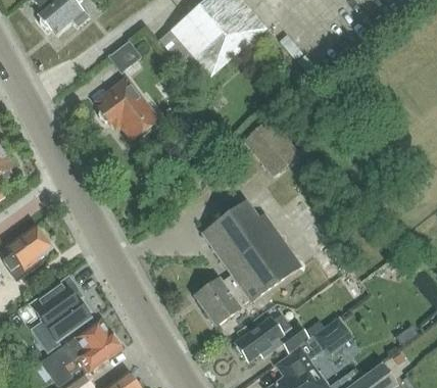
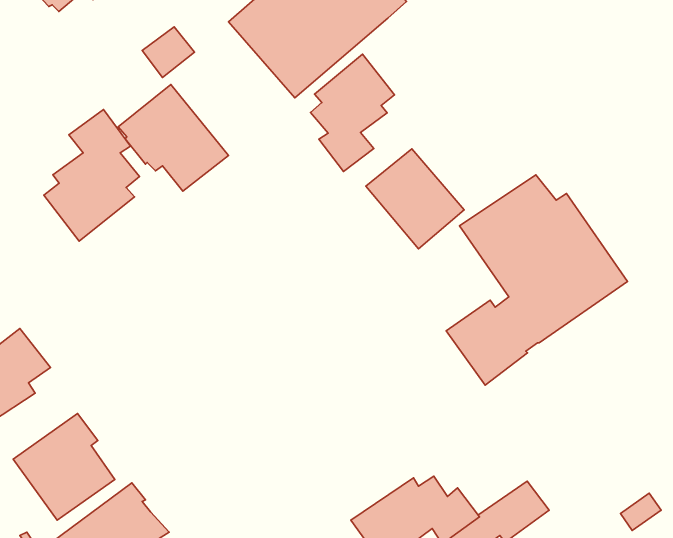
building: none -> [310,54,395,171]
building: none -> [44,109,139,241]
building: [193,200,302,327] -> [446,175,628,385]

